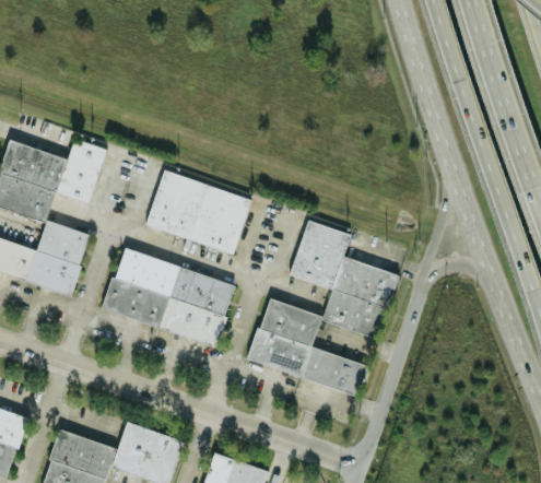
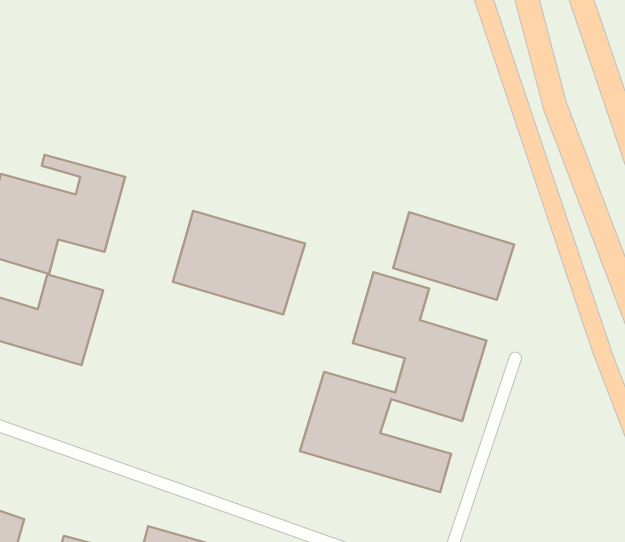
building: none -> [393,212,514,300]
building: [103,249,236,346] -> none

